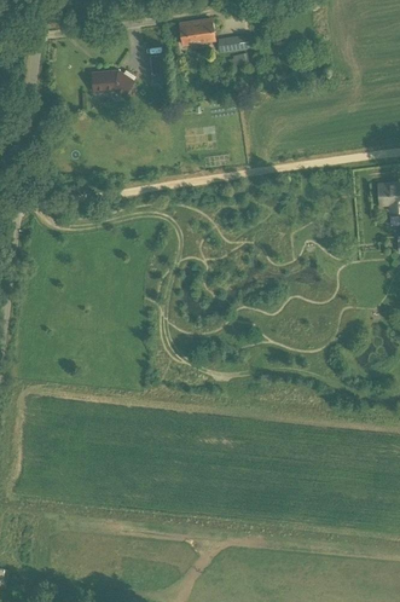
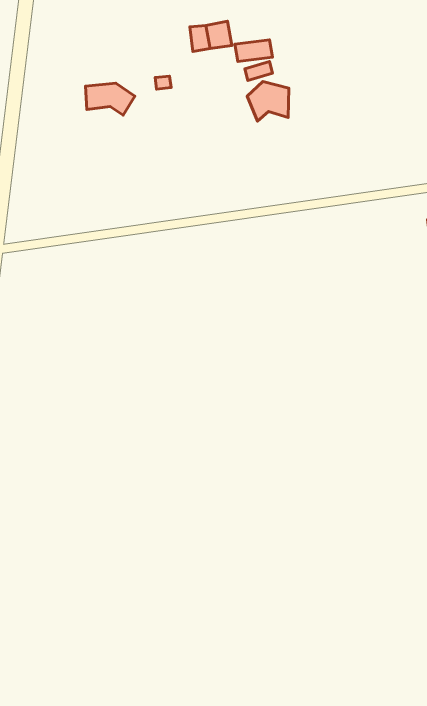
building: none -> [247,82,289,121]

